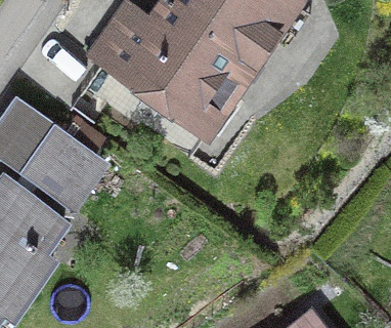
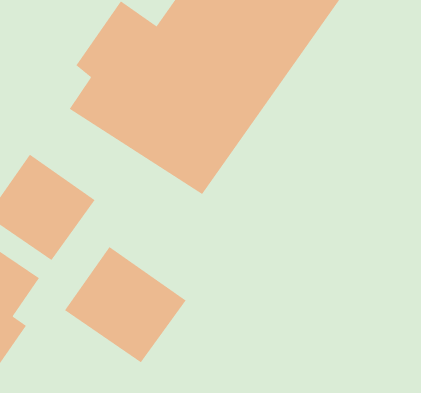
building: none -> [64,246,187,363]

